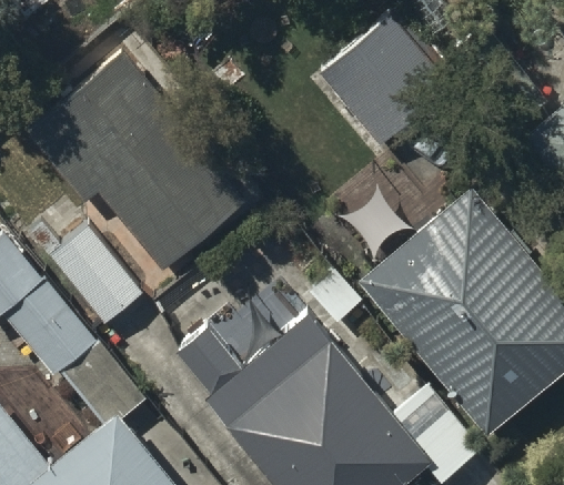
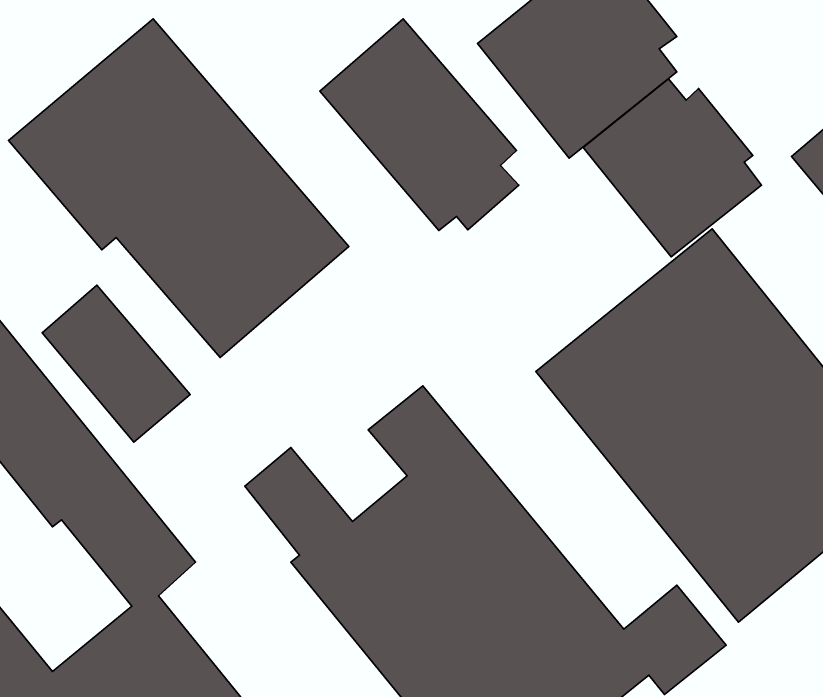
building: none -> [320,19,519,230]
building: none -> [583,79,762,257]

